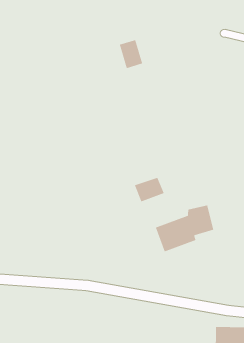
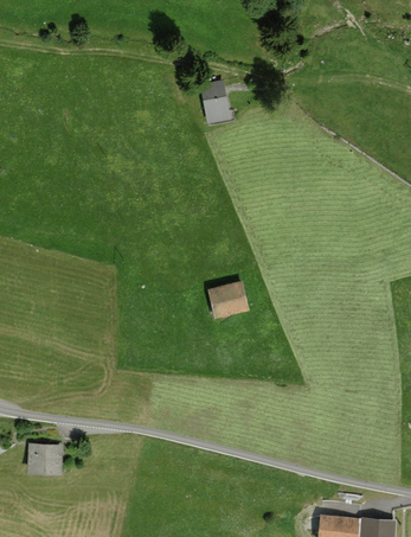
building: [155,205,214,253] -> none
building: none -> [30,442,63,475]

